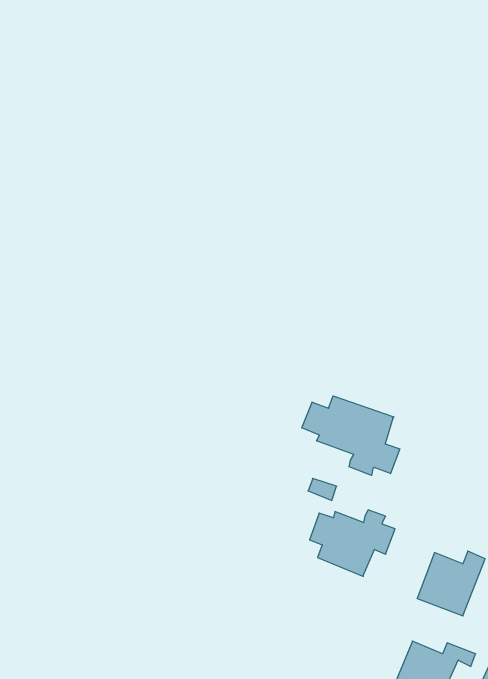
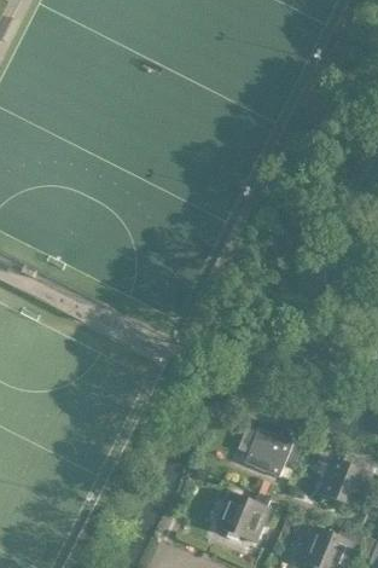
building: [302,396,400,475] -> none
building: none -> [217,492,271,540]

